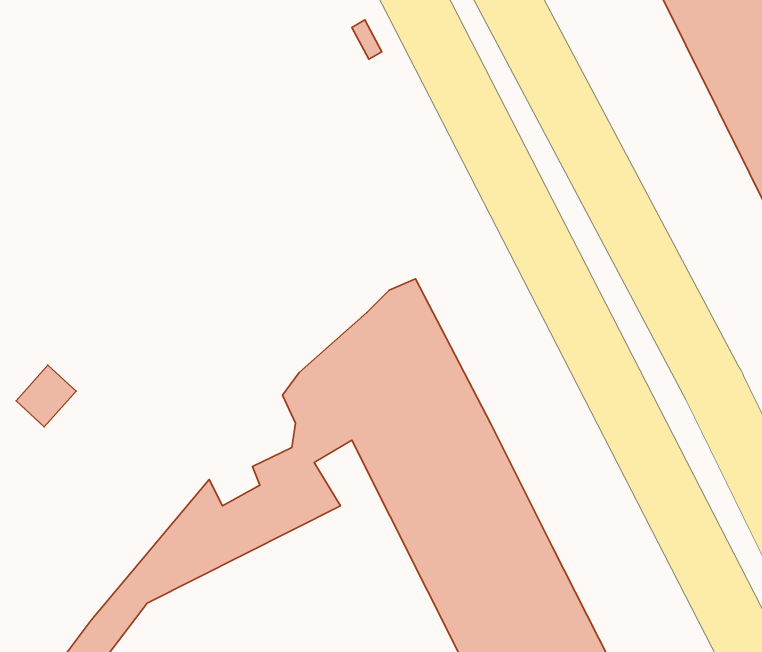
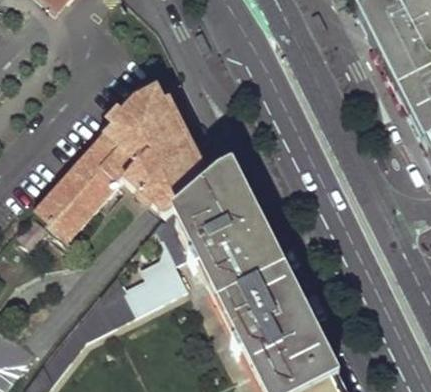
building: none -> [39,85,206,234]

